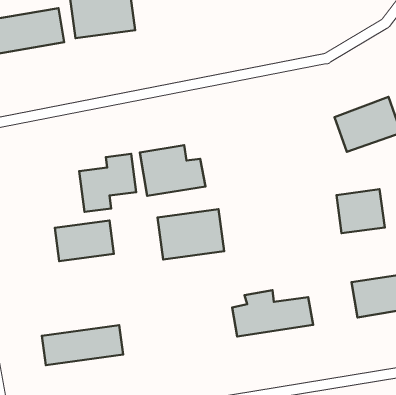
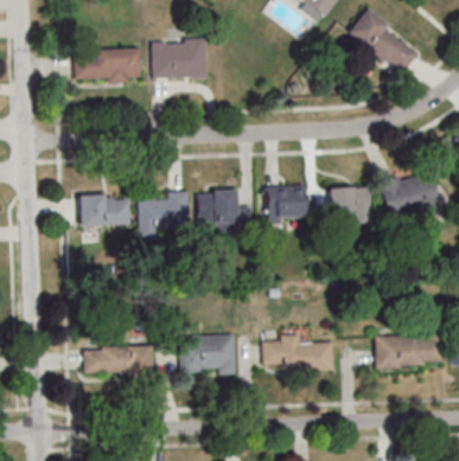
building: none -> [266,186,306,224]
building: [336,189,385,233] -> [330,187,370,223]
building: [157,209,224,260] -> [179,335,236,374]
building: [55,221,114,261] -> [79,196,130,226]

